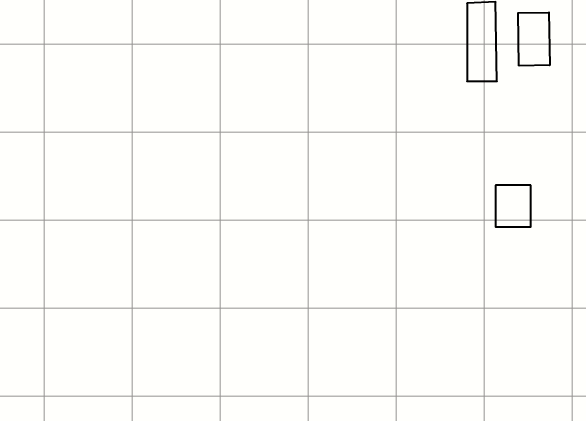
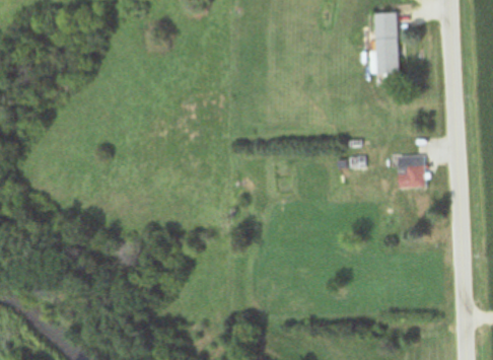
building: [518,12,550,66] -> none

